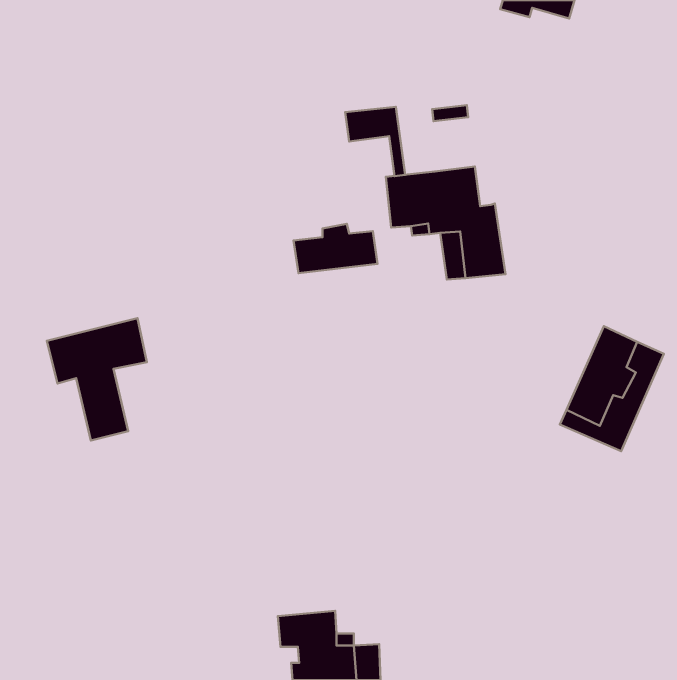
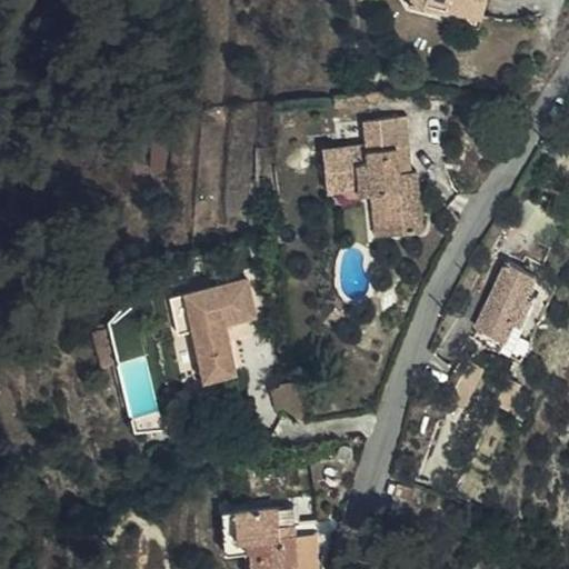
building: [345,107,405,176] -> [360,114,410,172]
building: [294,224,378,273] -> none
building: [47,318,147,441] -> [168,279,251,381]

